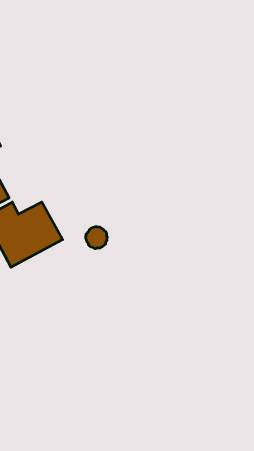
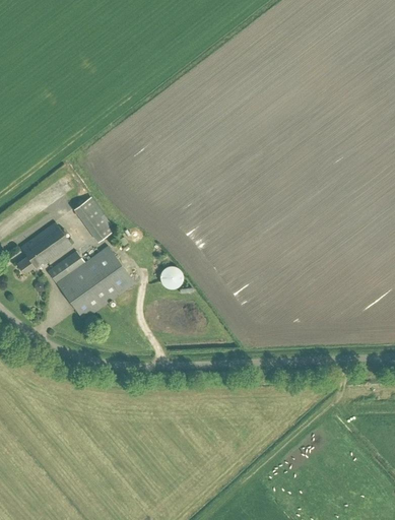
building: none -> [75,198,113,242]

